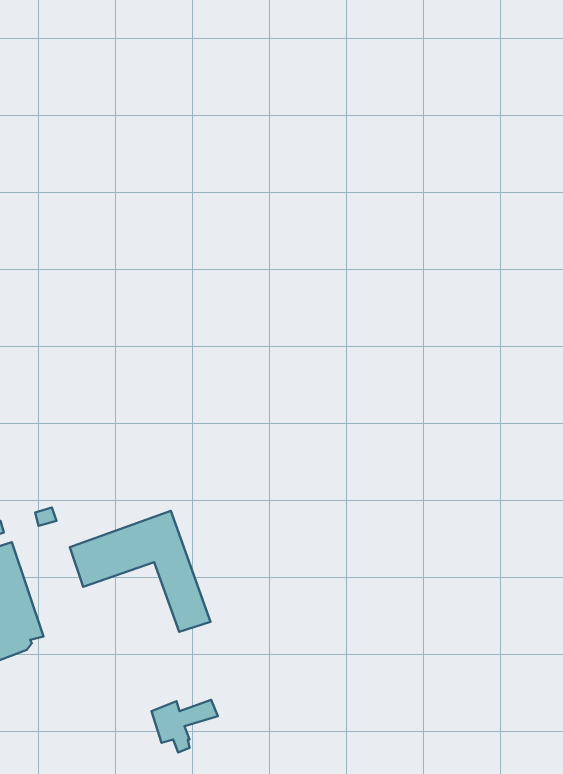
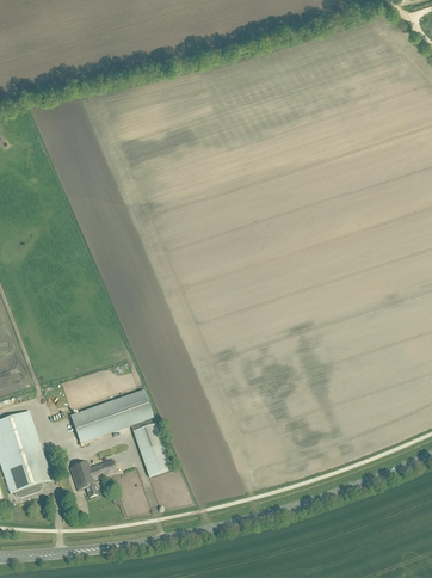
building: [152,700,218,753] -> [69,457,117,496]

